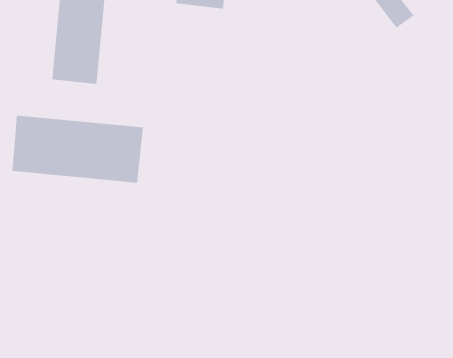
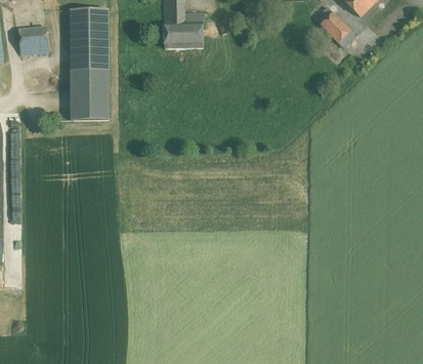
building: [12,115,143,183] -> none

